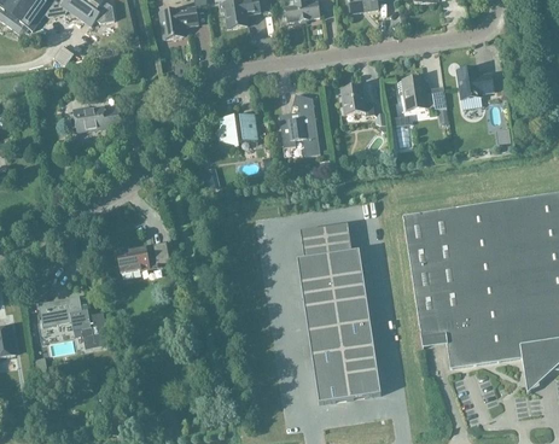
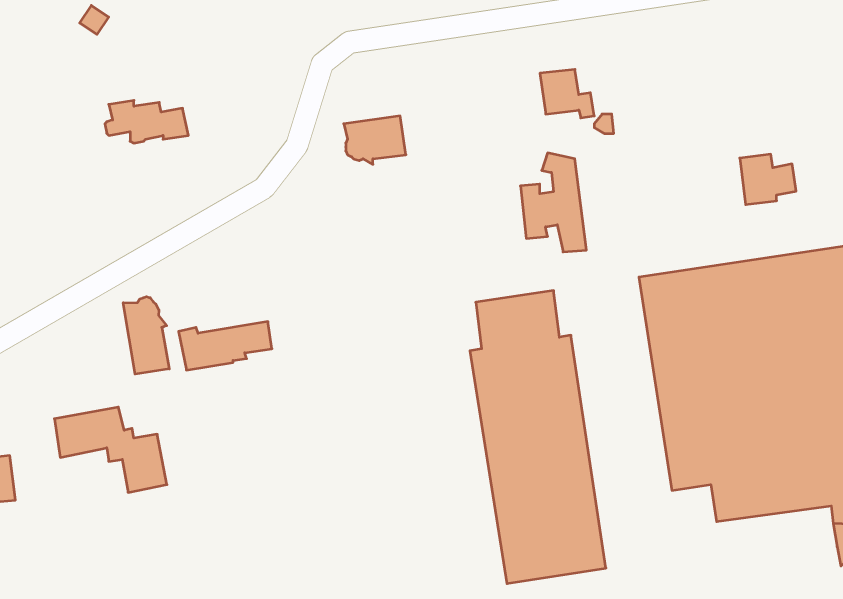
building: [458,66,493,98] -> [740,154,796,205]
building: [396,76,435,109] -> none
building: [279,93,320,154] -> [520,153,586,252]
building: none -> [123,297,169,374]

